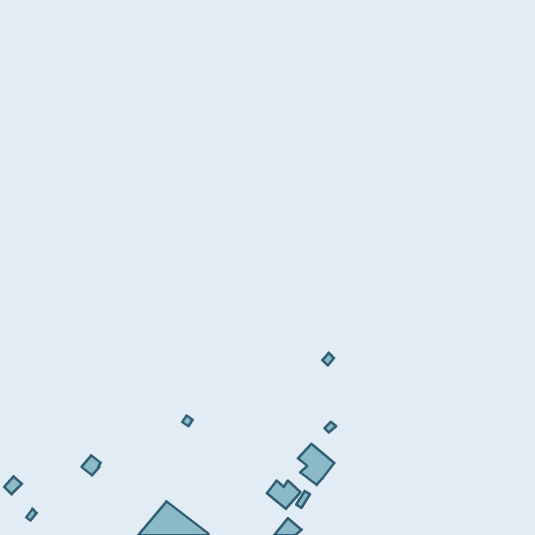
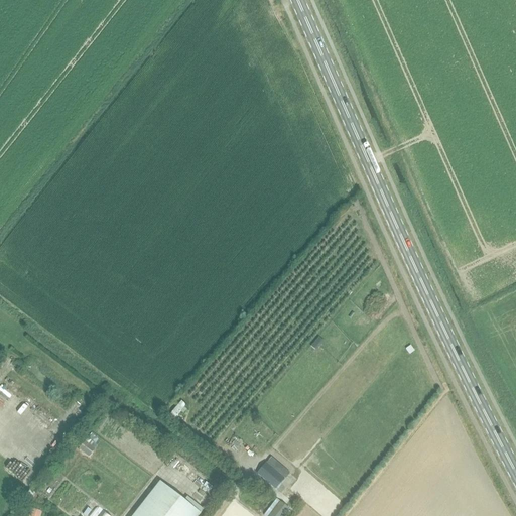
building: [298,444,334,485] -> none

